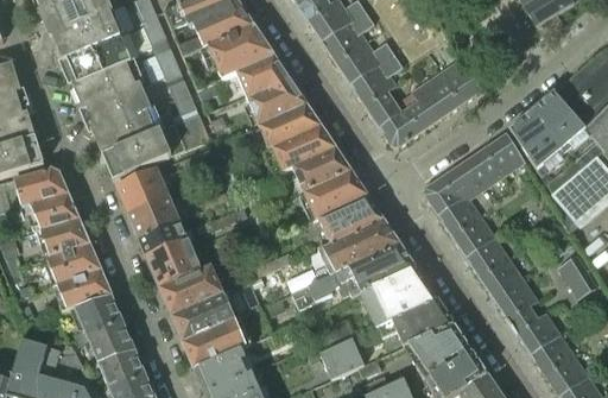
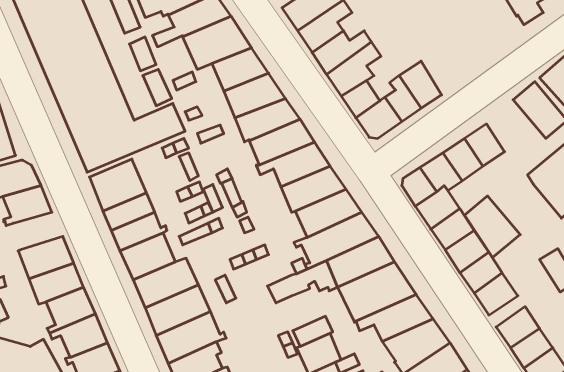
building: [442,57,482,103] -> none
building: [509,108,564,169] -> [465,196,520,258]
building: [42,219,90,255] -> none

